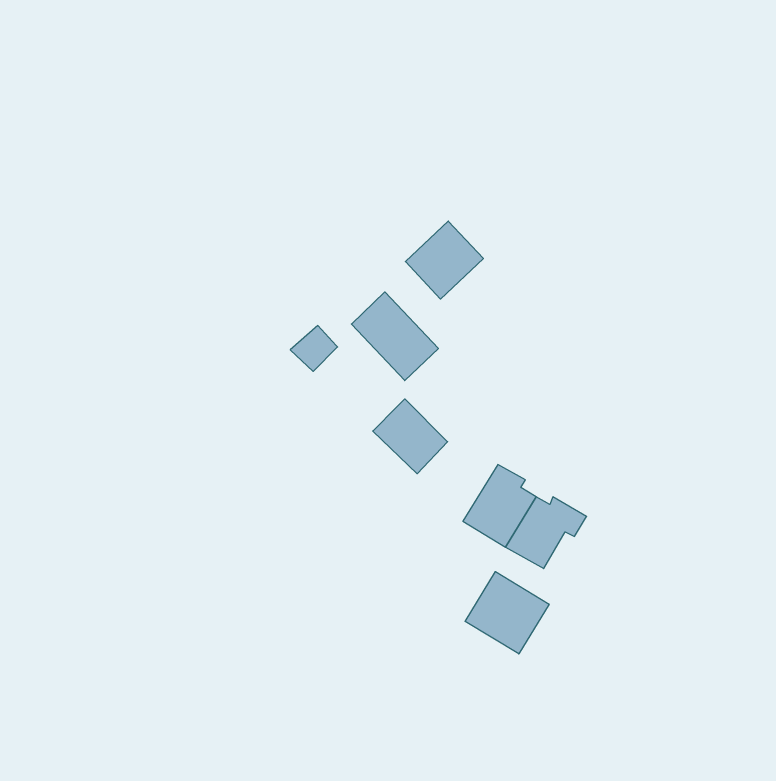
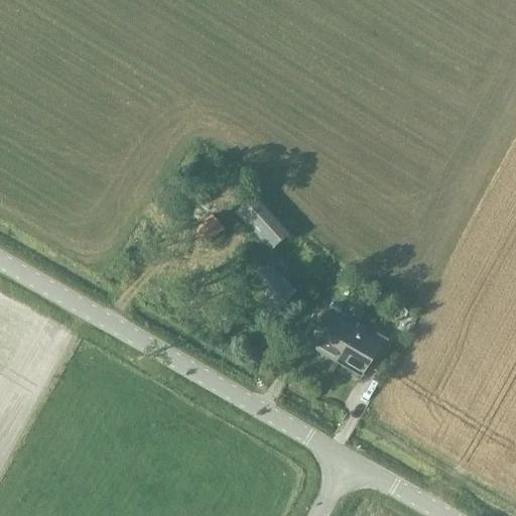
building: [405,221,483,299] -> none
building: [465,572,549,654] -> none

